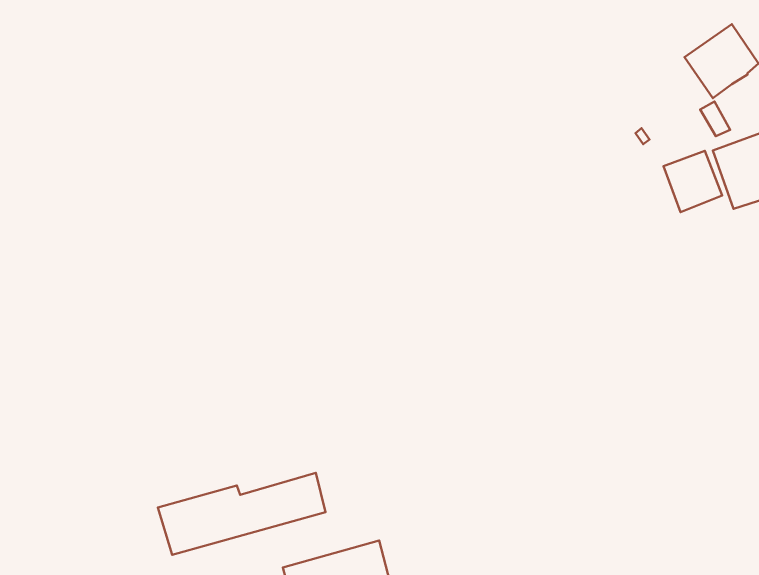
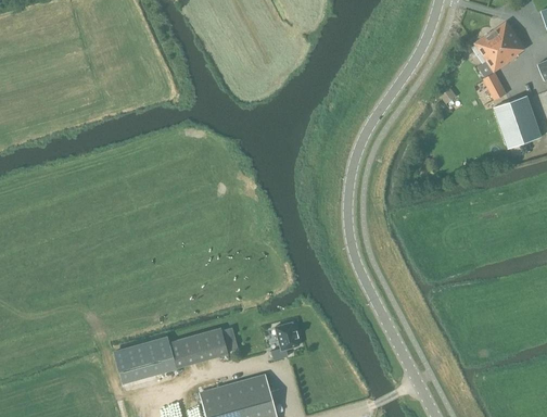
building: [664,151,722,212] -> none
building: none -> [270,320,298,359]

